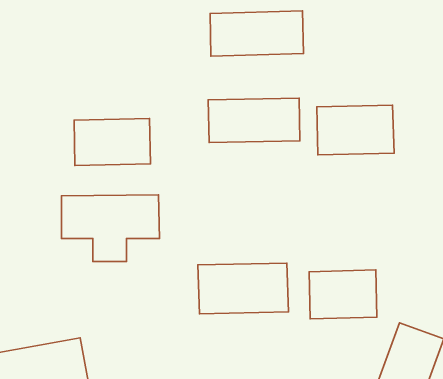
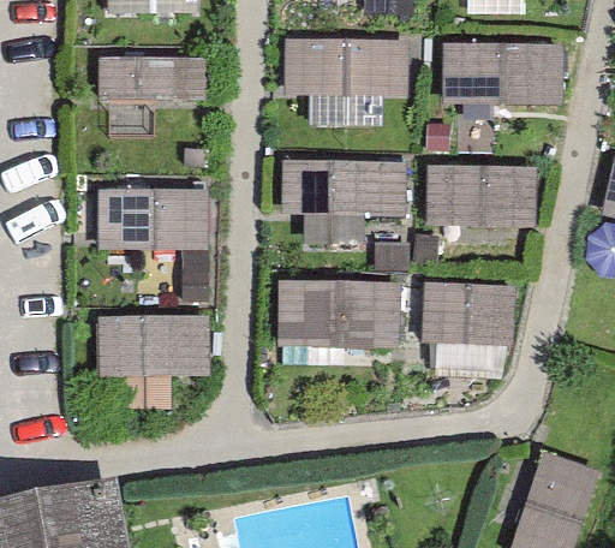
building: none -> [442,43,561,105]
building: none -> [95,54,211,114]
building: [198,263,288,314] -> [275,282,398,351]
building: [309,270,377,319] -> [426,282,518,349]

